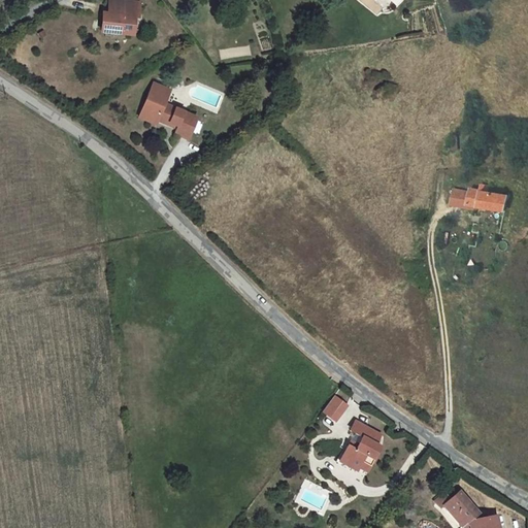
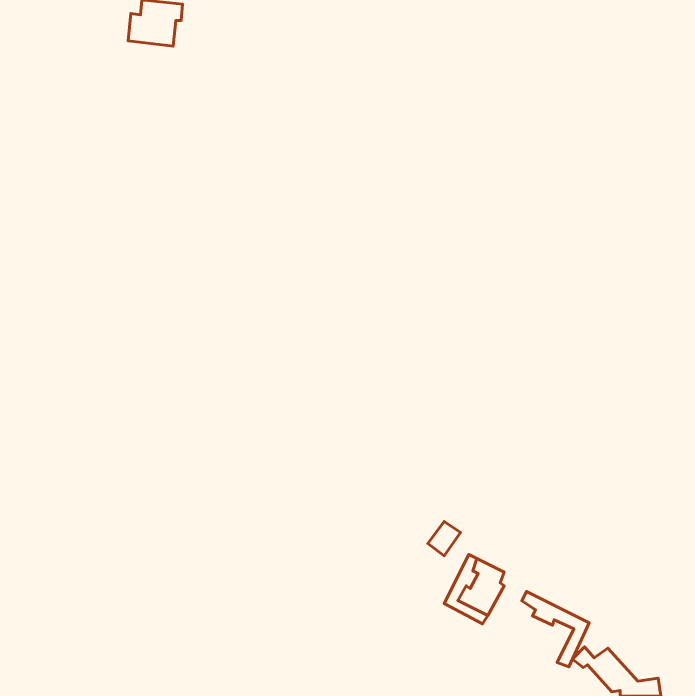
building: [141,81,198,138] -> none
building: [452,189,512,212] -> none
building: none -> [522,592,589,667]

